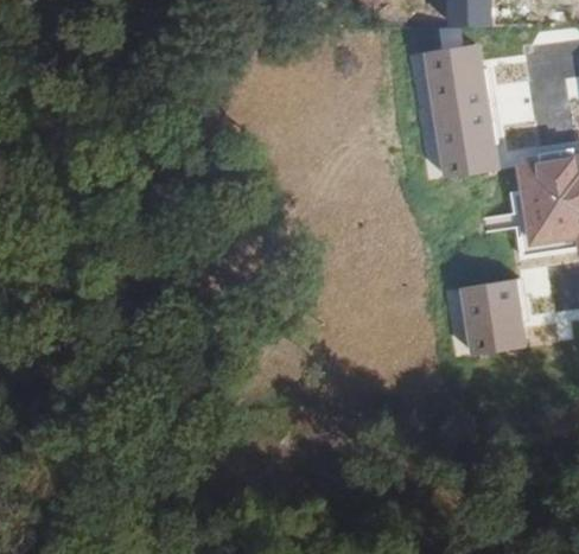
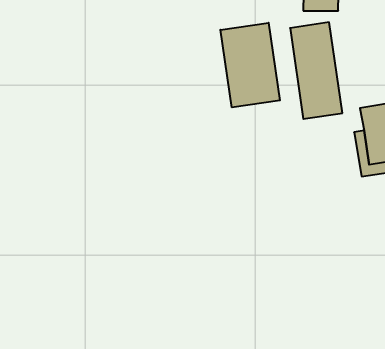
building: none -> [220,23,280,107]
building: [460,276,526,355] -> none

